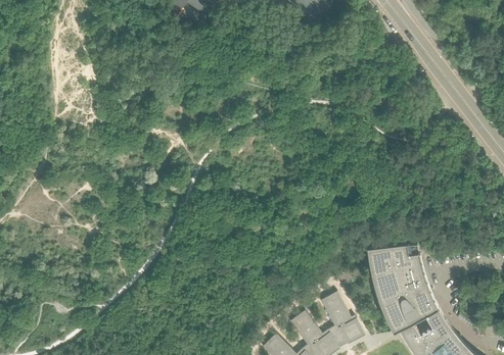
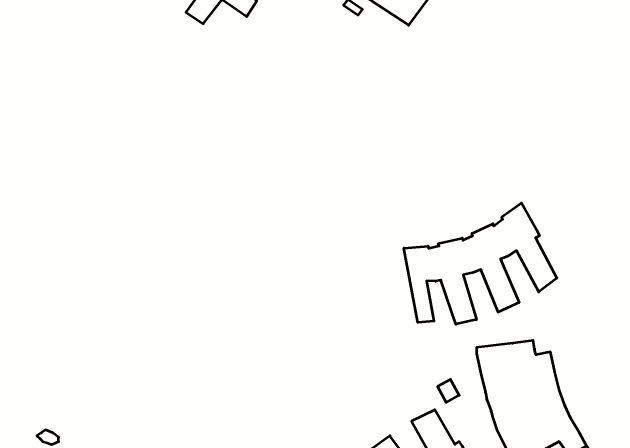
building: none -> [404,203,557,324]

